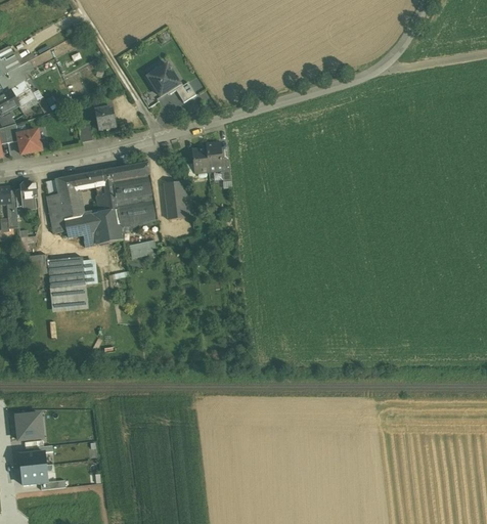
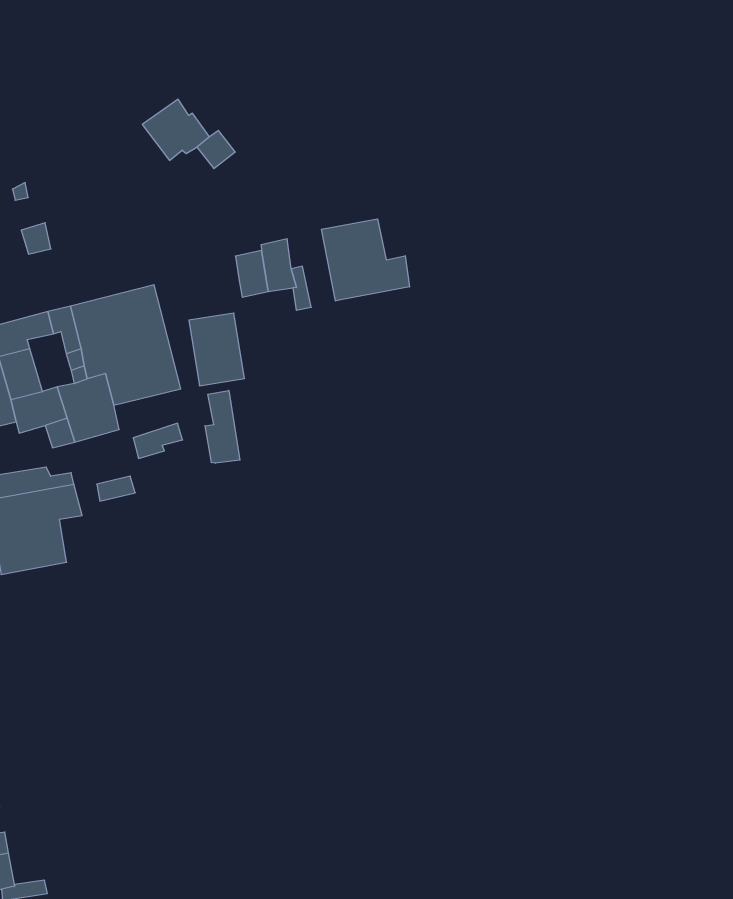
building: [94,106,117,130] -> none
building: none -> [321,219,409,301]
building: none -> [205,390,240,463]

